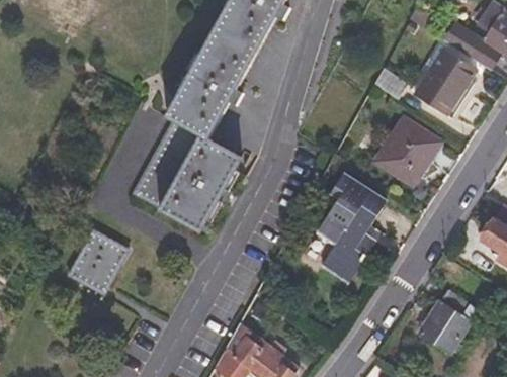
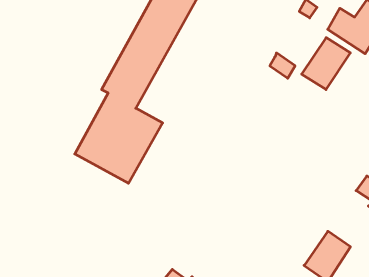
building: [378,118,439,182] -> none
building: [320,176,388,282] -> none
building: [70,229,129,293] -> none

